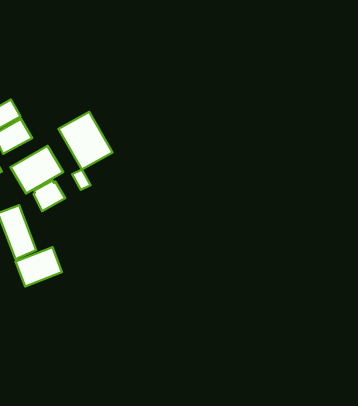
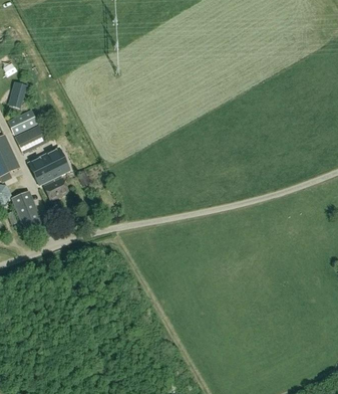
building: [58,112,113,170] -> none
building: [16,247,62,287] -> none

